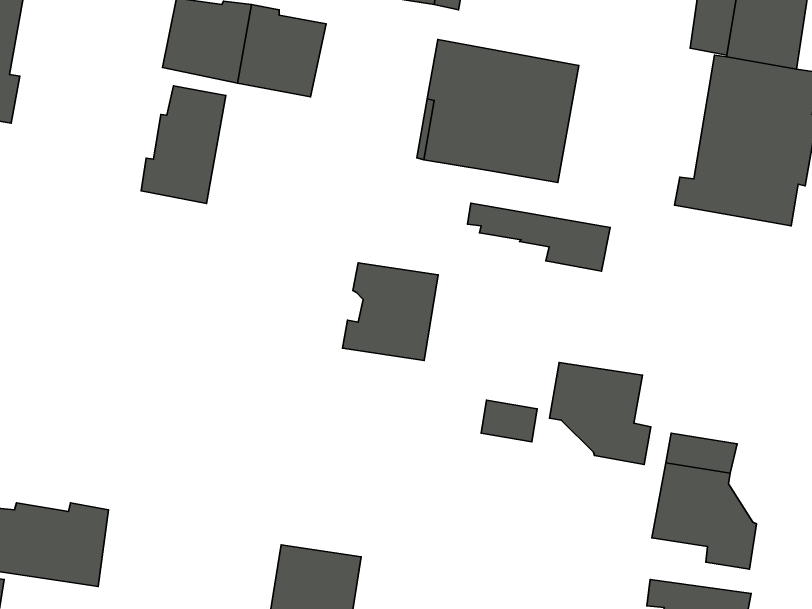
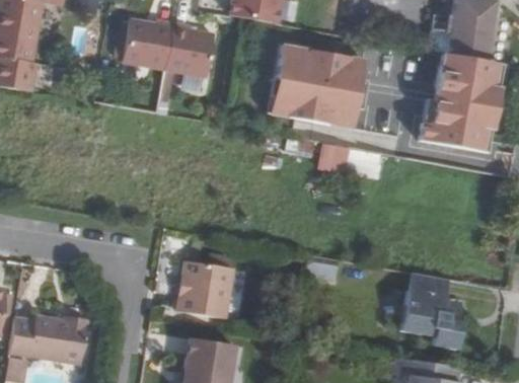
building: [141,86,226,203] -> none
building: [342,263,438,360] -> [176,260,232,317]
building: [549,362,651,465] -> none

